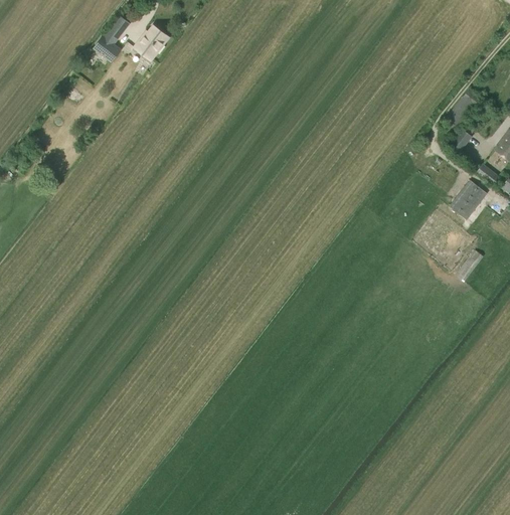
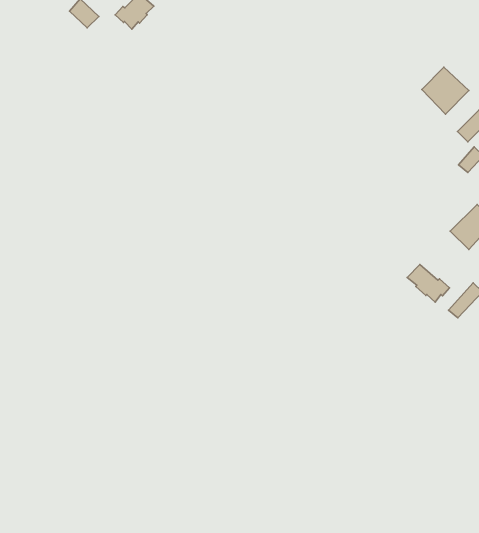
building: none -> [422,67,469,114]
building: none -> [407,264,450,302]

